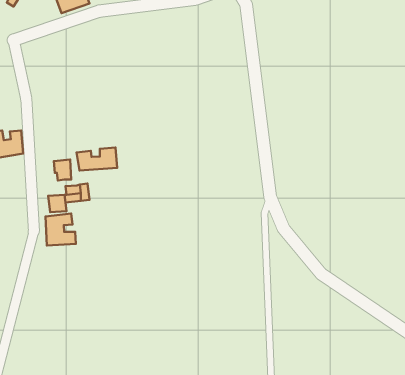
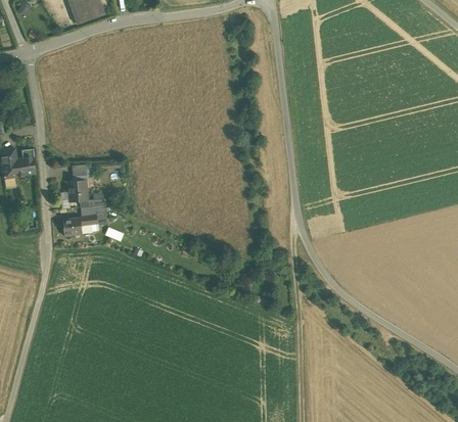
building: [76,148,117,170] -> none
building: [45,214,76,246] -> none

